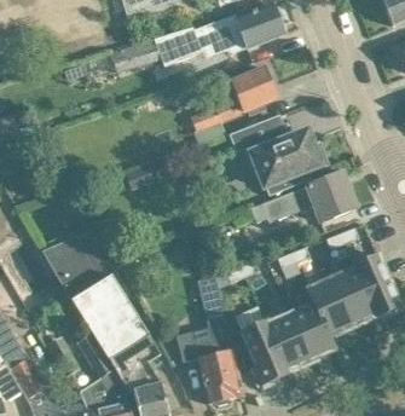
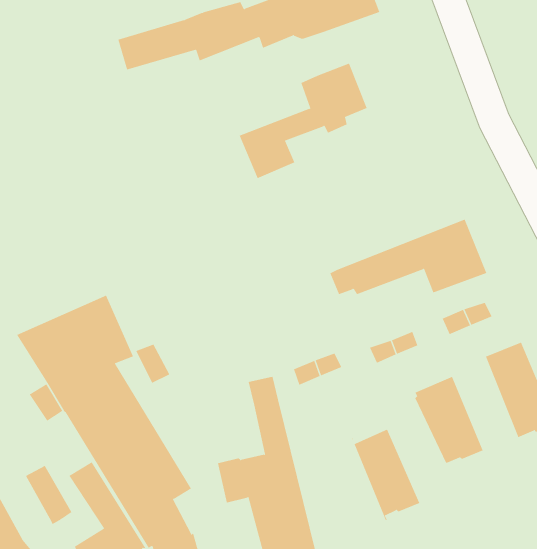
building: [228,121,324,196] -> none
building: [332,264,376,327] -> none
building: [289,291,335,362] -> none
building: [241,318,288,386] -> none

